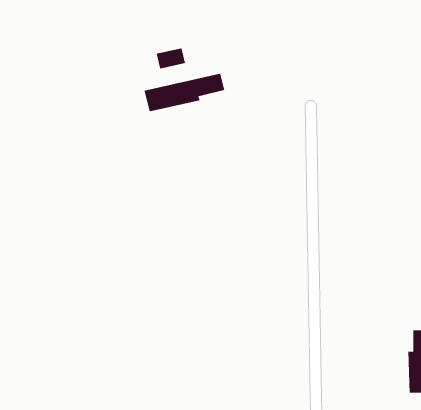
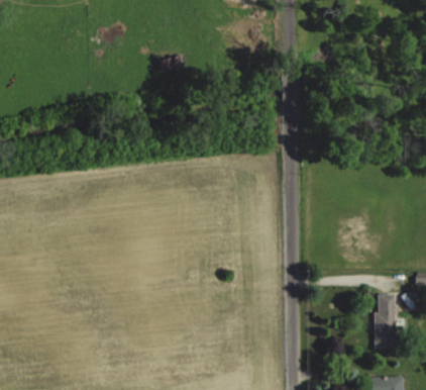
building: [144,73,225,112] -> none

